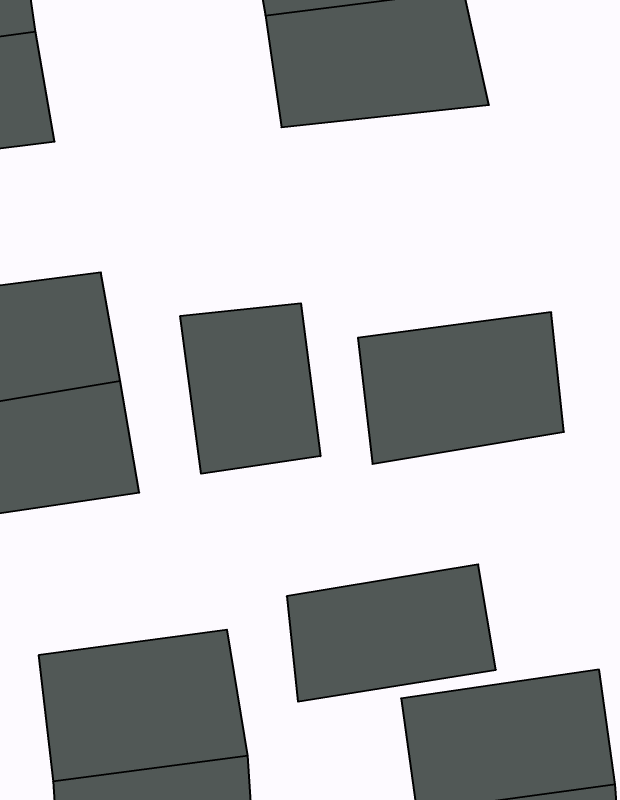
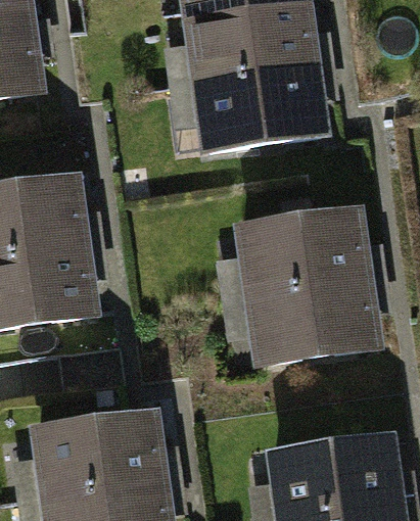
building: none -> [190,69,337,157]
building: [180,303,320,474] -> none
building: [287,564,496,702] -> [248,279,382,367]

